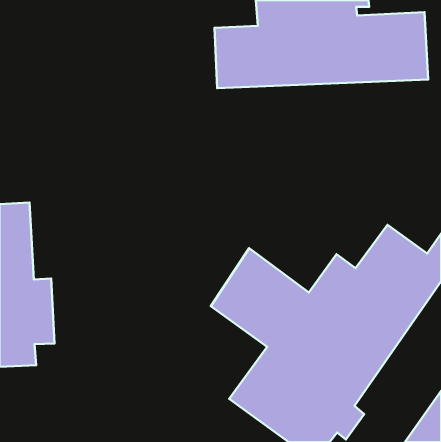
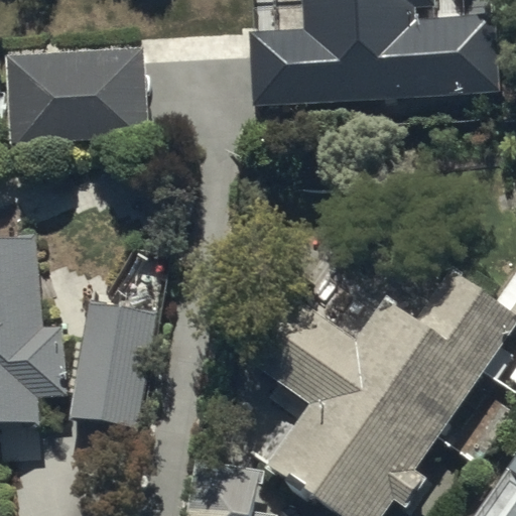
building: none -> [7,46,146,141]
building: none -> [70,302,154,432]

